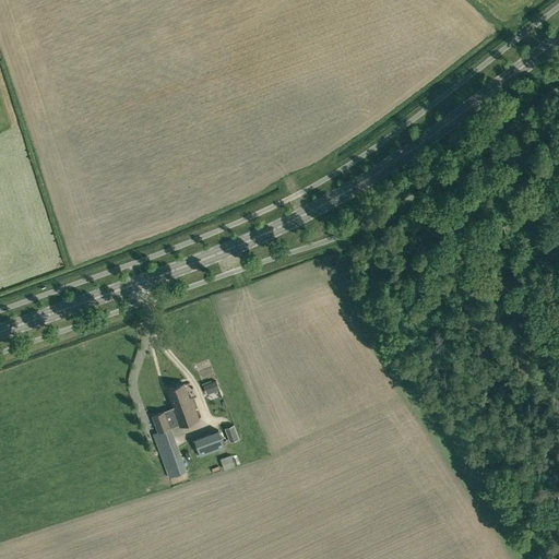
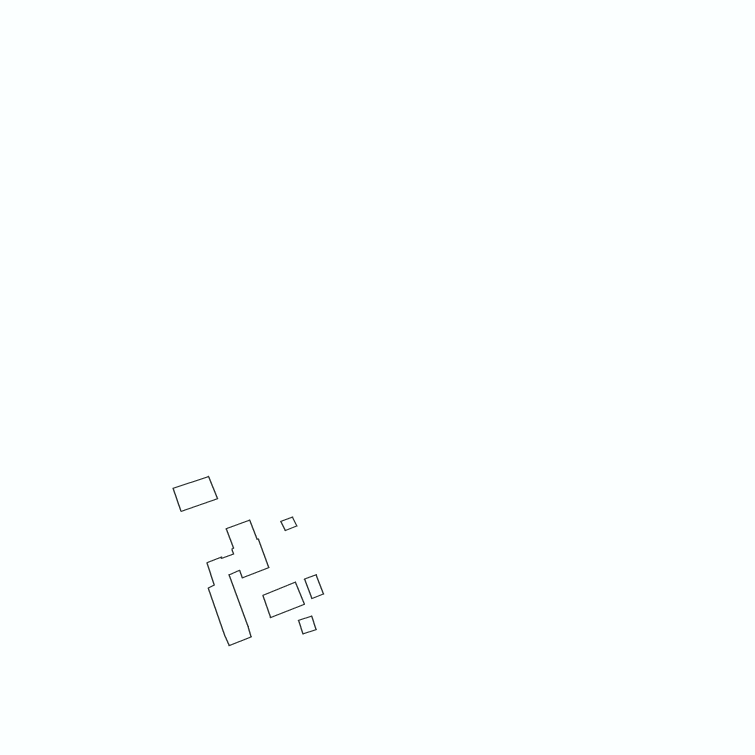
building: none -> [173,476,218,511]

